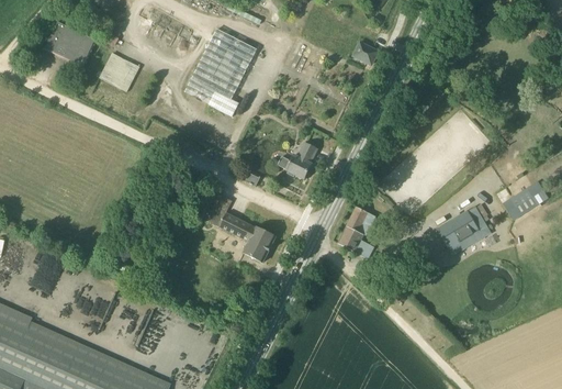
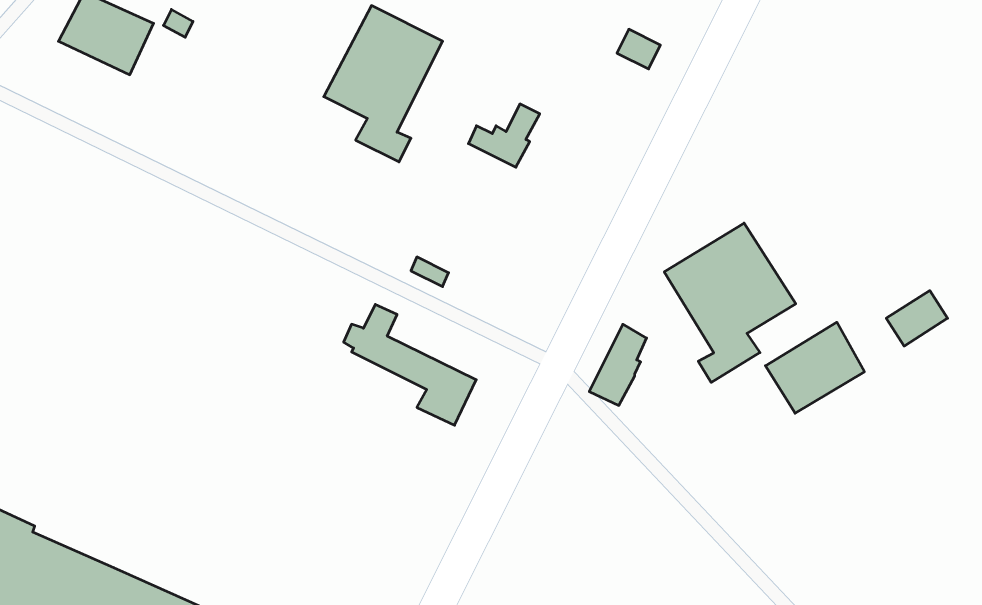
building: [99,53,138,91] -> none
building: [278,144,317,179] -> [468,104,540,167]
building: none -> [664,223,796,382]

